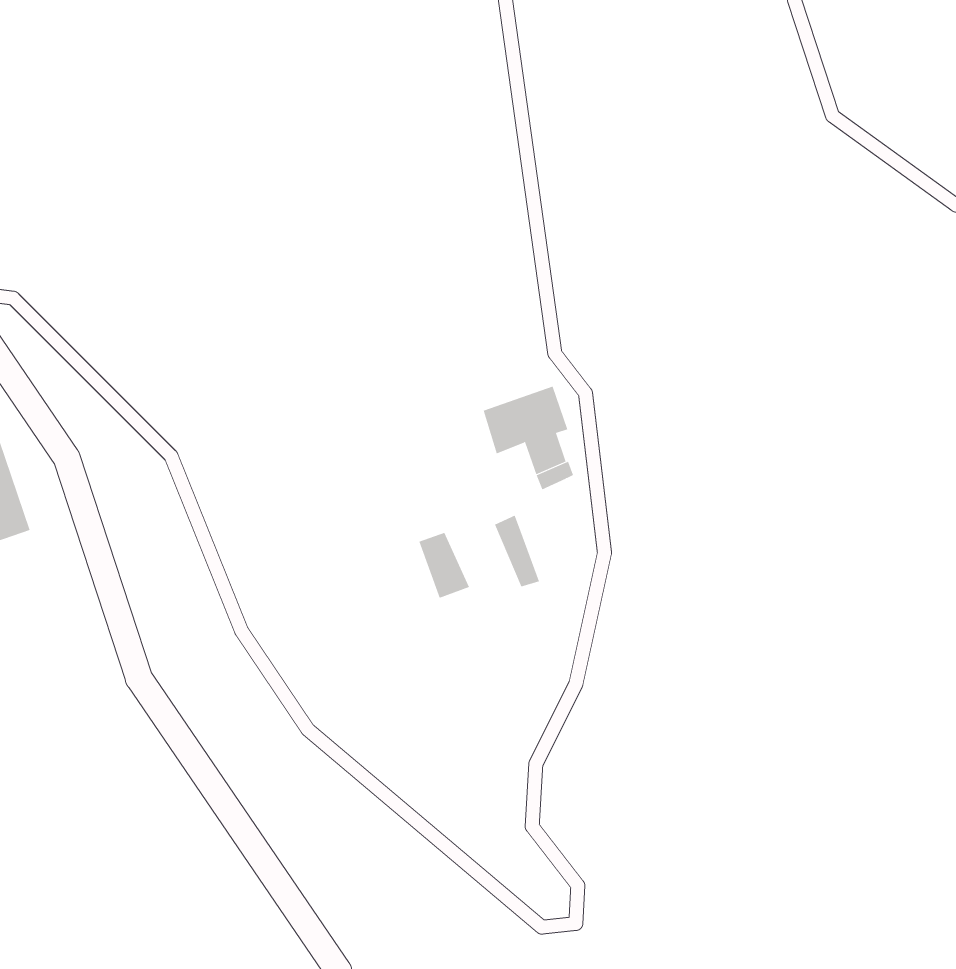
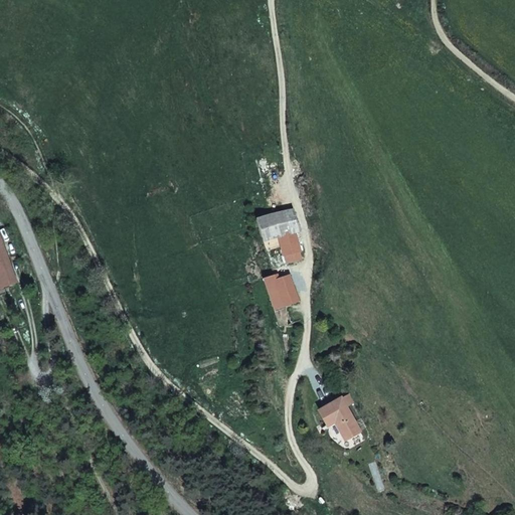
building: [418,532,470,599] -> [275,274,302,309]
building: none -> [318,396,358,439]

